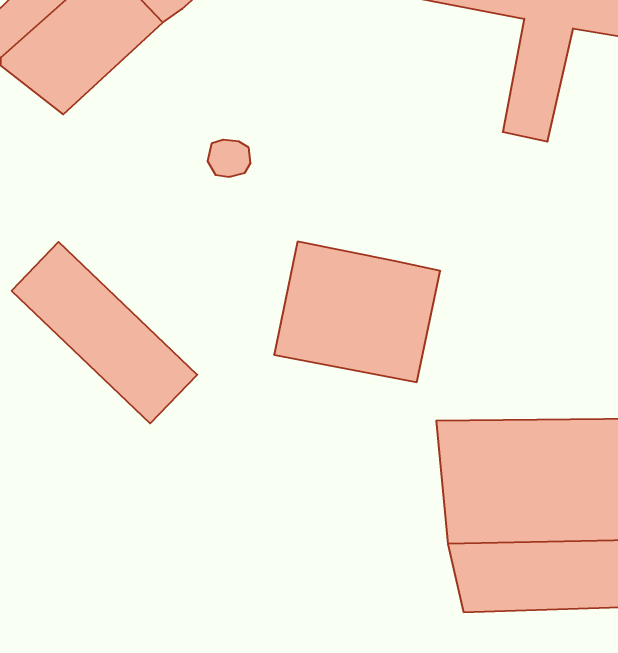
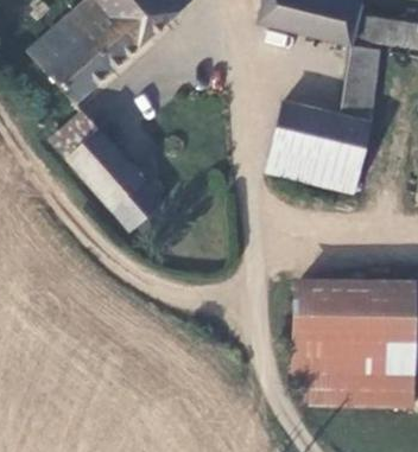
building: [274,242,440,382] -> [266,101,367,186]
building: [12,242,197,423] -> [56,116,169,227]

